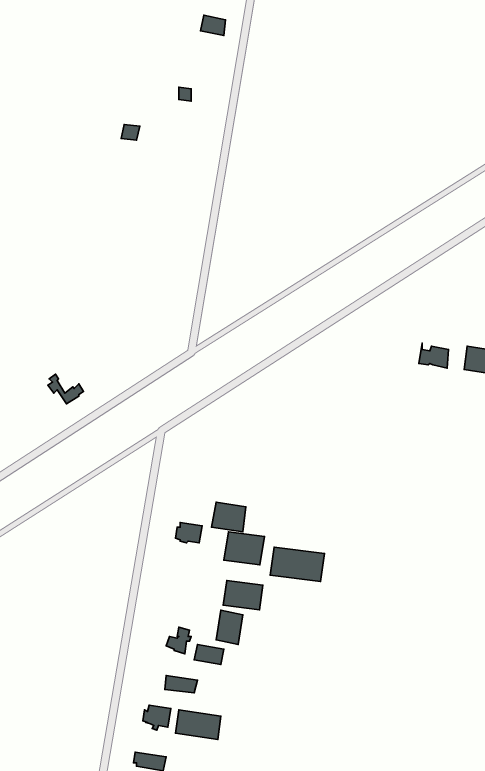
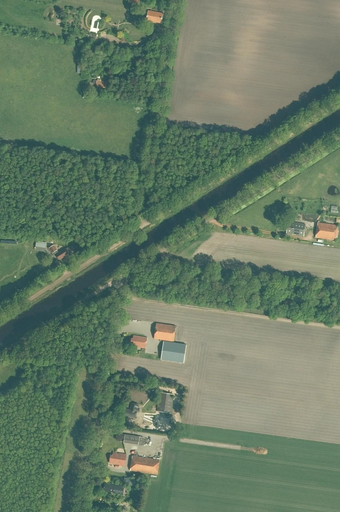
building: [270,547,324,582] -> none
building: [223,581,263,610] -> none

